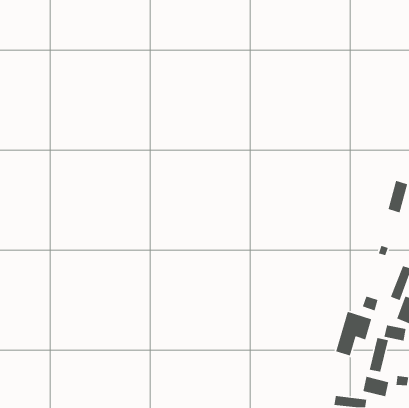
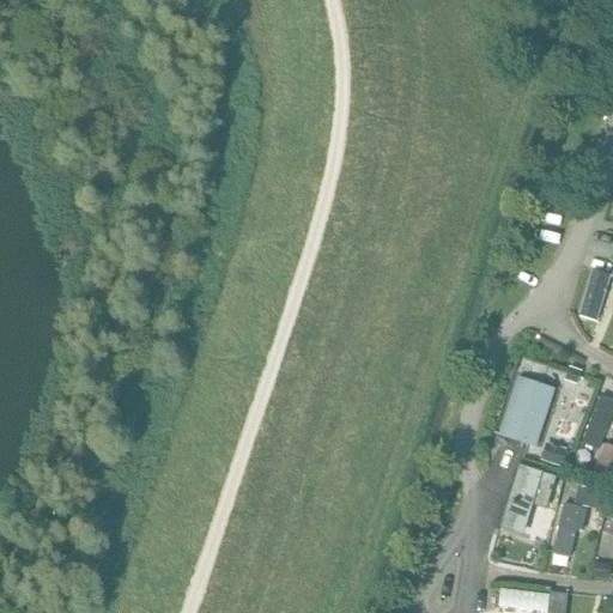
building: none -> [499,377,554,445]
building: [362,376,389,397] -> none

